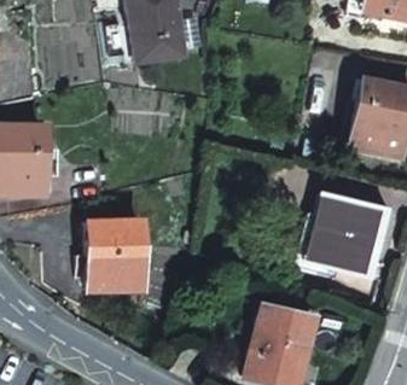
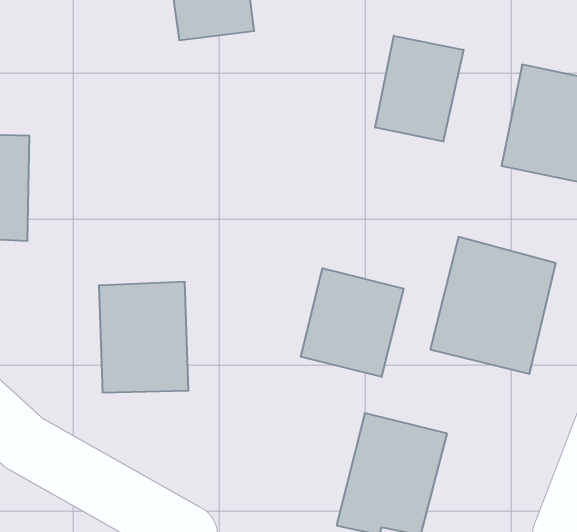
building: none -> [375,36,464,142]
building: none -> [301,268,403,377]

